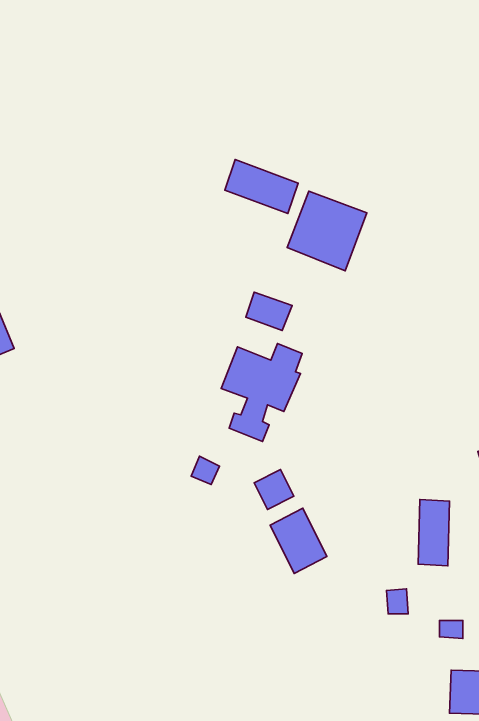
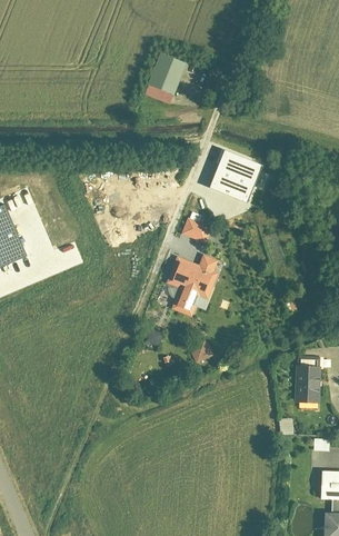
building: none -> [149,52,186,93]
building: [225,160,298,213] -> none
building: [270,508,327,573] -> none

